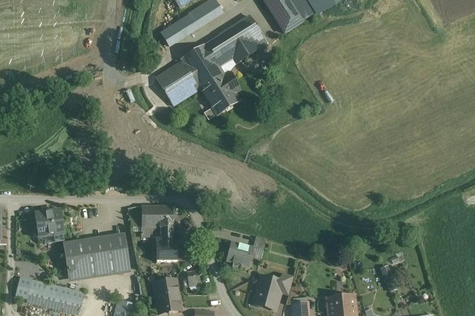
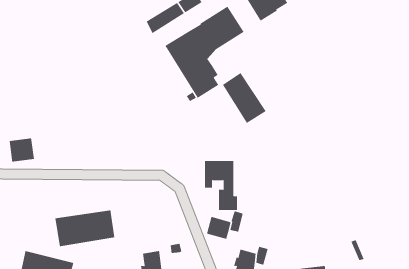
building: [155,60,199,105] -> none
building: none -> [222,72,266,124]
building: [141,206,177,260] -> [204,160,238,211]
building: [35,210,63,236] -> [9,138,35,162]

